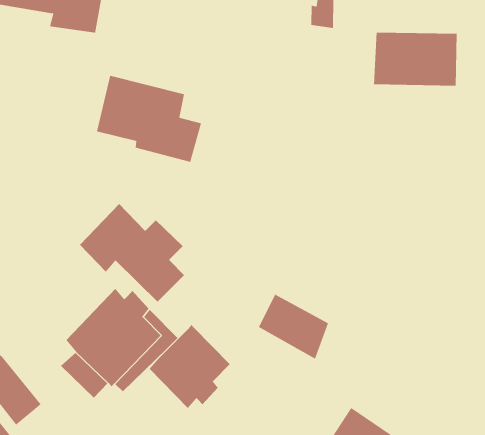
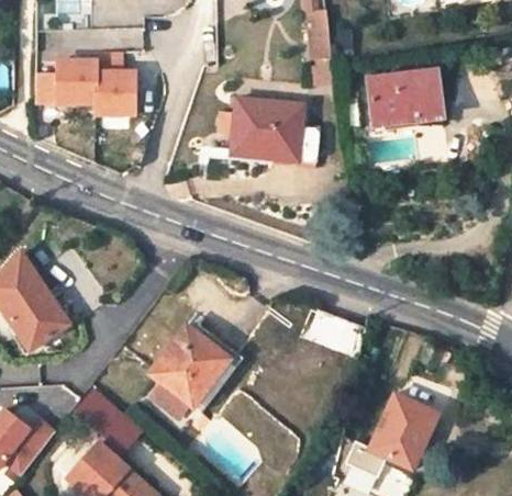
building: [96,75,202,163] -> [233,99,320,161]
building: [79,203,185,302] -> none
building: [149,324,231,409] -> none

